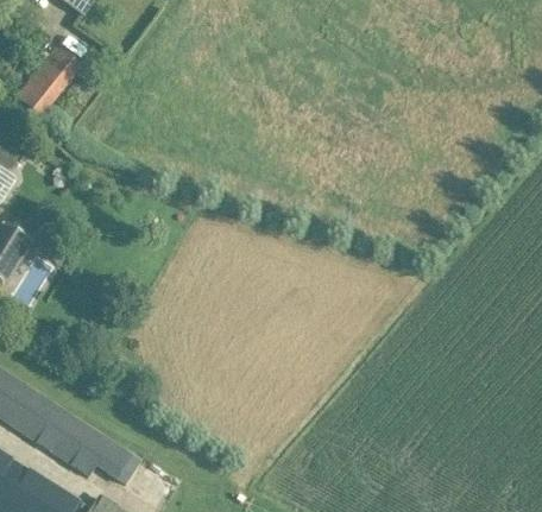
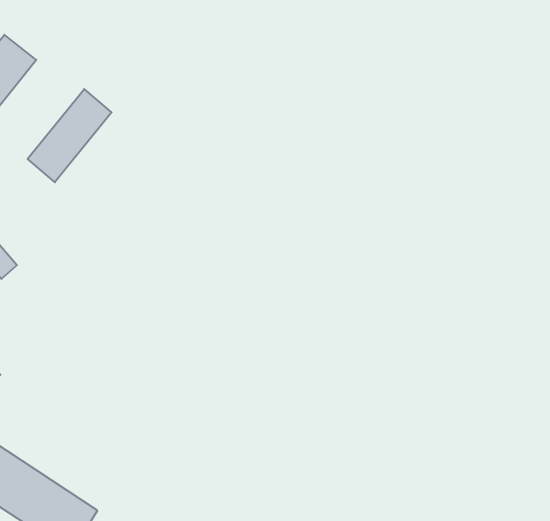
building: none -> [28,89,112,182]

